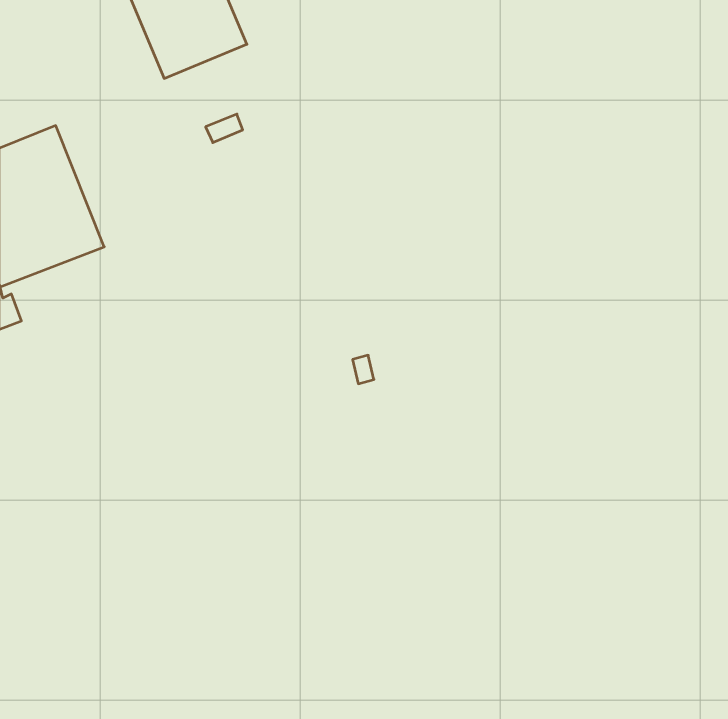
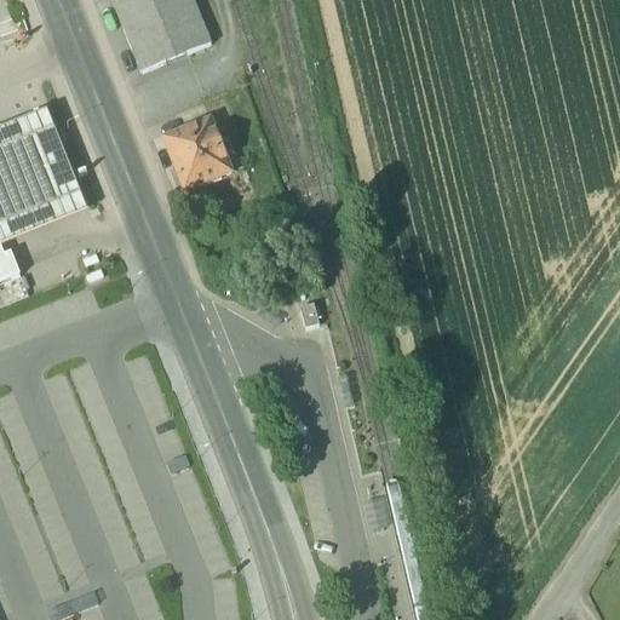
building: none -> [163,116,230,188]

